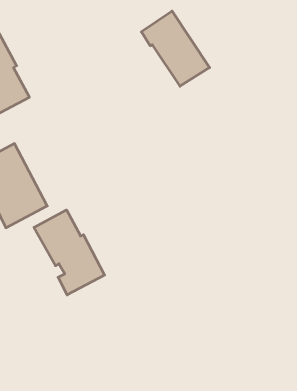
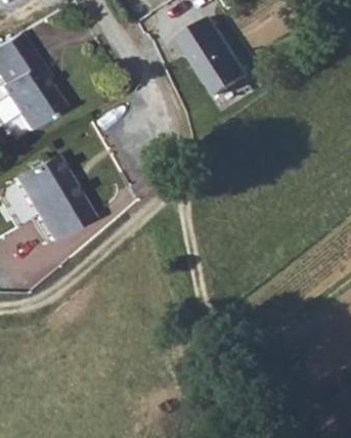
building: [34,210,105,295] -> none

